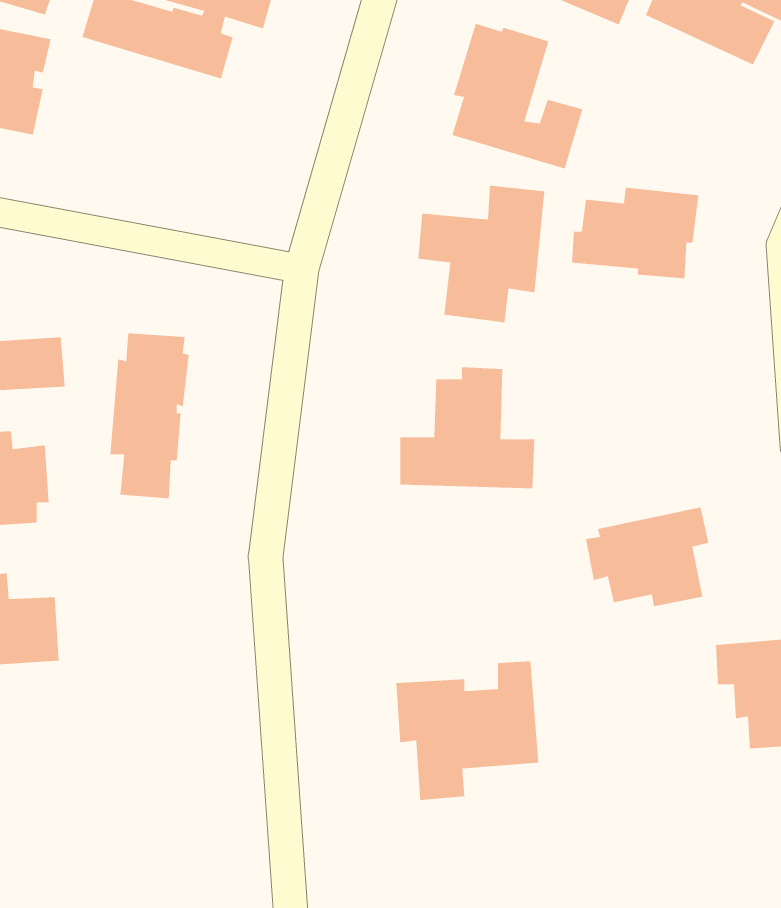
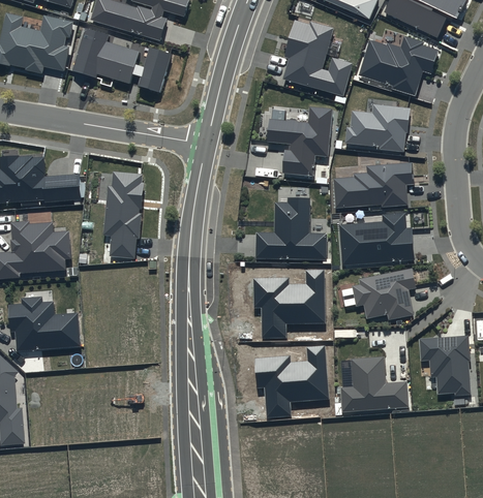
building: none -> [73,32,173,97]
building: none -> [358,33,439,94]
building: none -> [332,159,413,205]
building: none -> [337,212,414,263]
building: none -> [252,270,324,338]
building: none -> [338,354,407,410]

